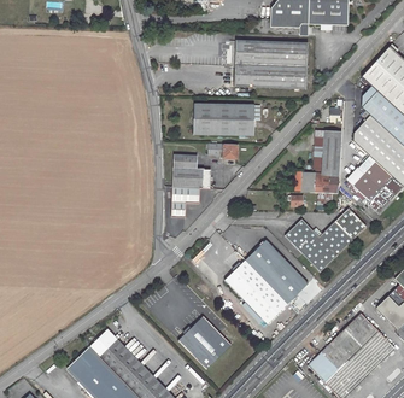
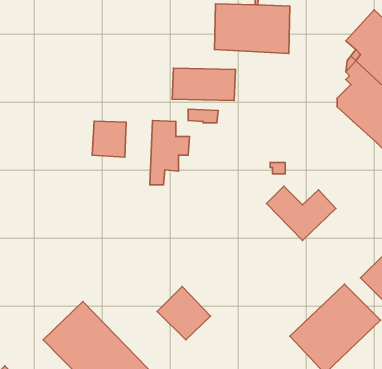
building: [295,129,341,192] -> none
building: none -> [92,121,126,157]
building: [347,154,392,200] -> none
building: [224,239,308,322] -> none

